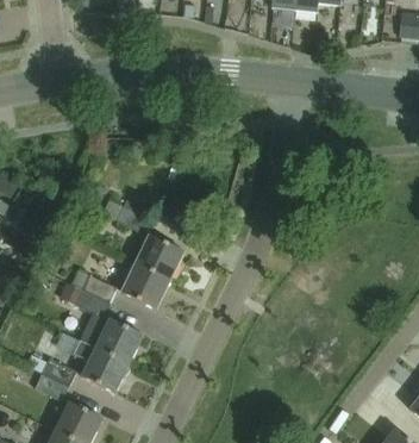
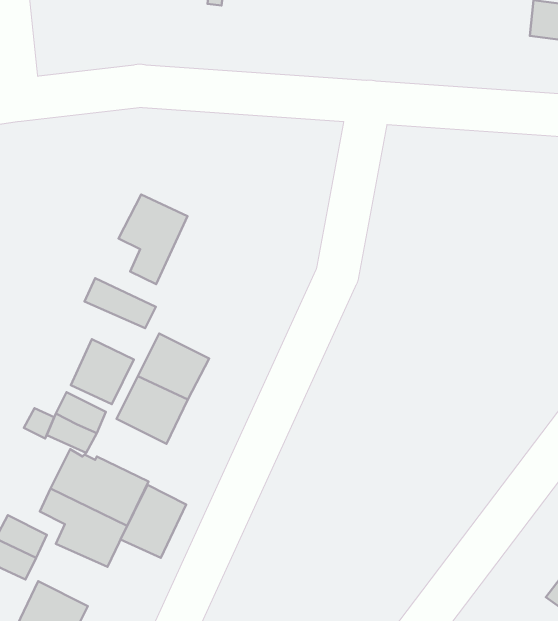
building: none -> [118,194,188,284]
building: none -> [71,339,134,404]
building: none -> [121,485,186,558]

